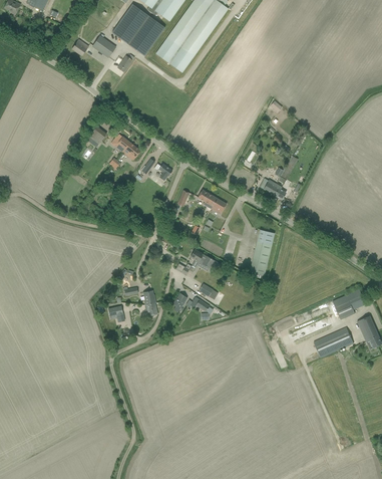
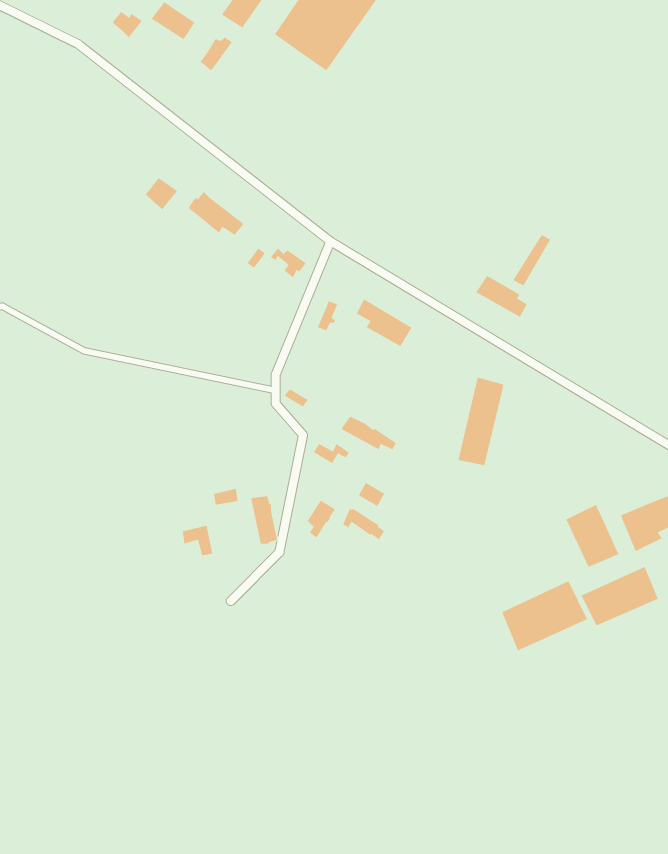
building: none -> [565,504,620,568]
building: none -> [501,580,588,651]

